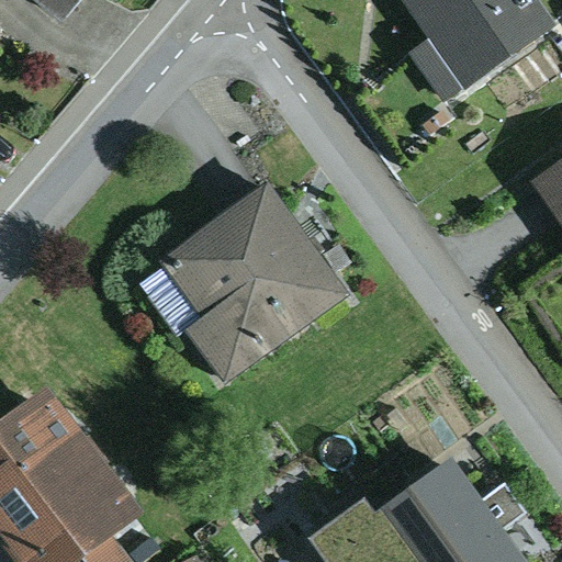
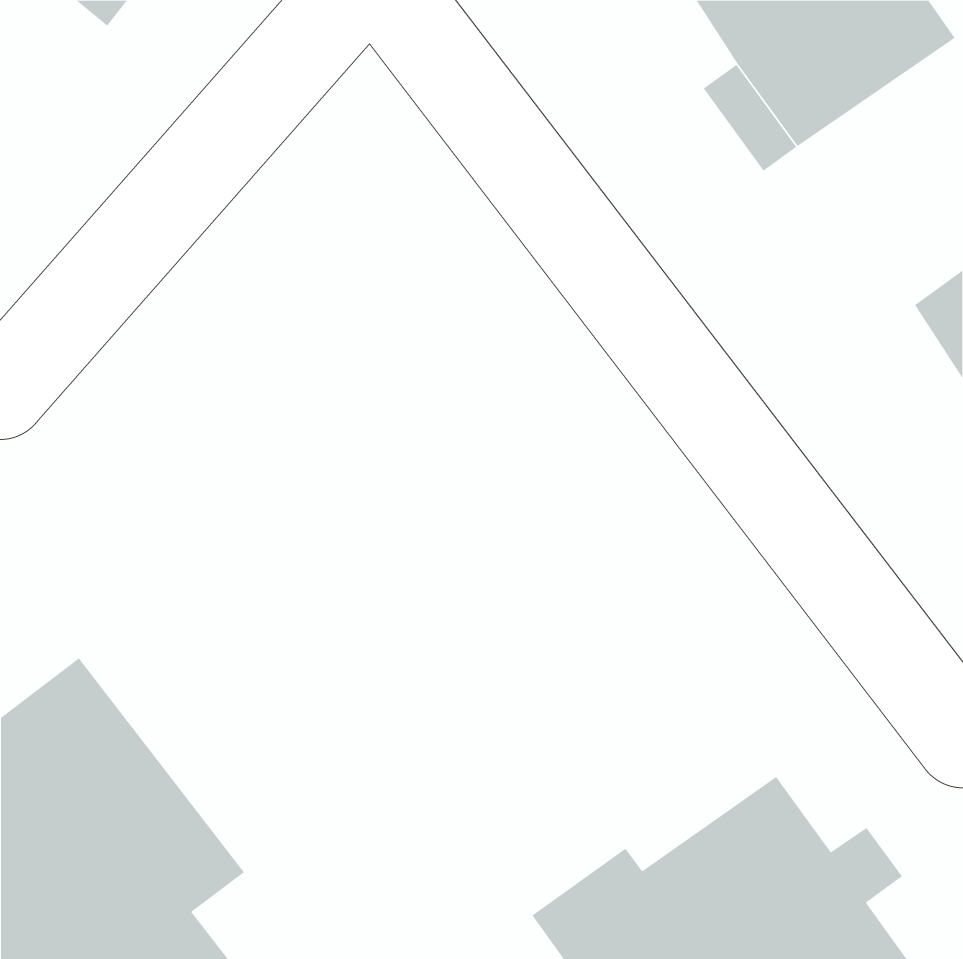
building: [162,182,349,383] -> none

